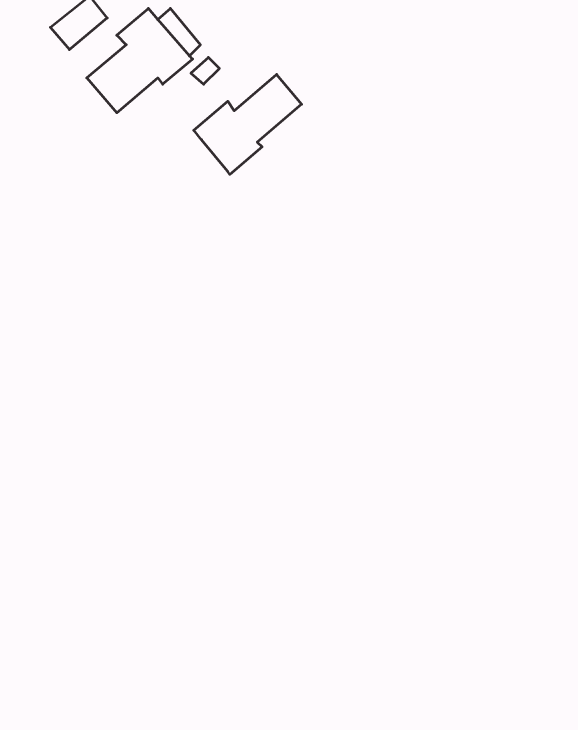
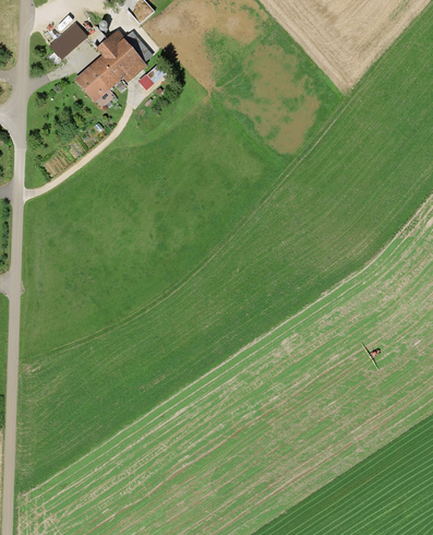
building: [194,74,302,174] -> none

